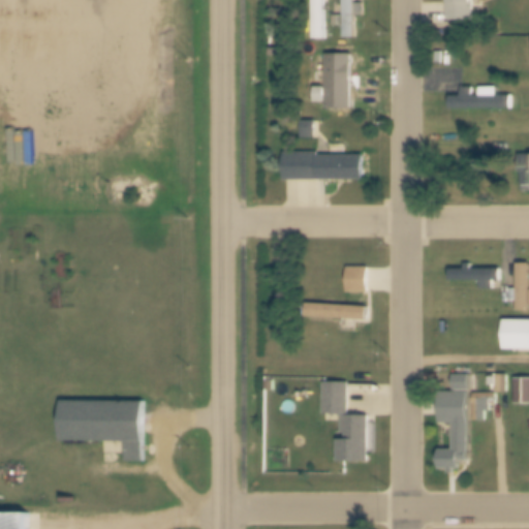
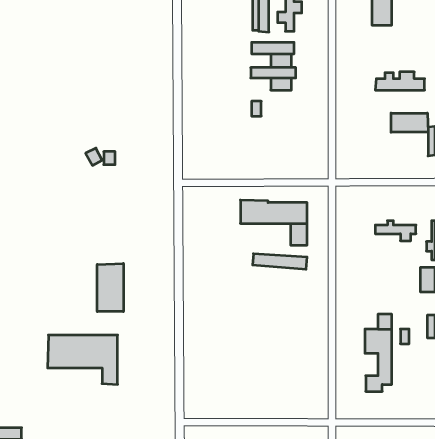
building: none -> [391,113,428,132]
building: [282,151,362,179] -> [240,200,307,223]
building: none -> [97,263,123,312]
building: [321,383,367,460] -> none

